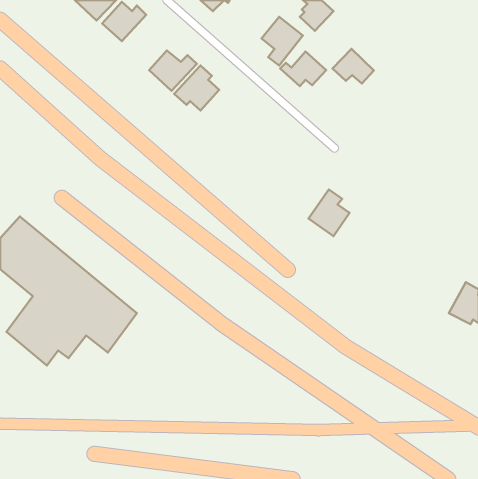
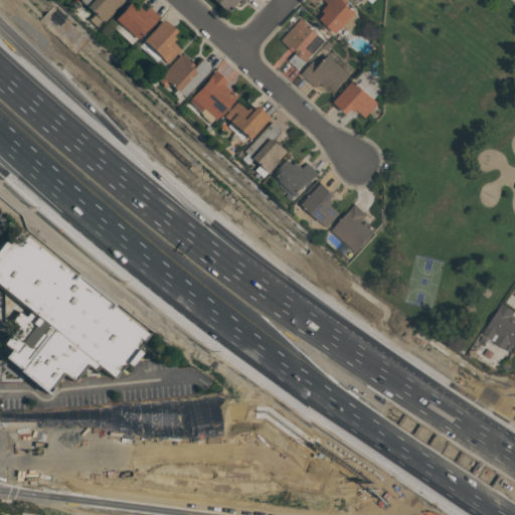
building: none -> [141,19,180,65]
building: [333,49,374,84] -> [335,80,379,118]
building: none -> [225,103,269,143]
building: none -> [244,122,288,173]
building: none -> [273,158,319,198]
building: none -> [301,182,341,227]

